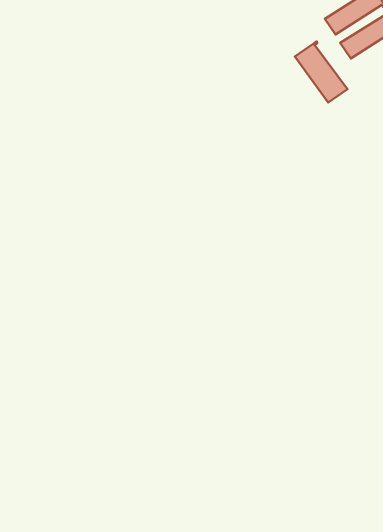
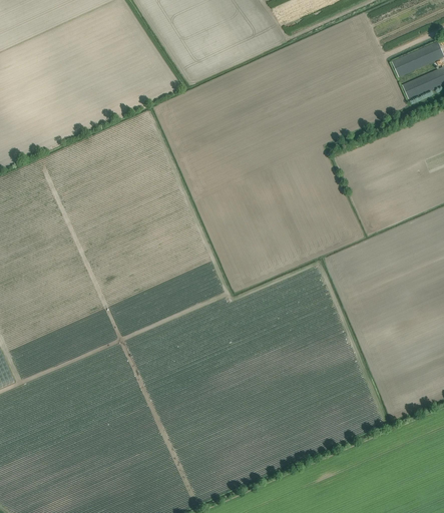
building: [295,41,348,102] -> none

